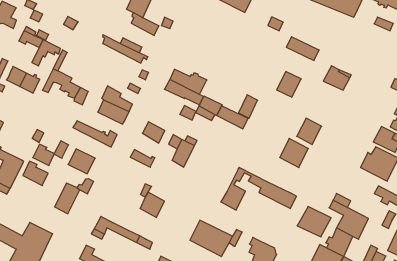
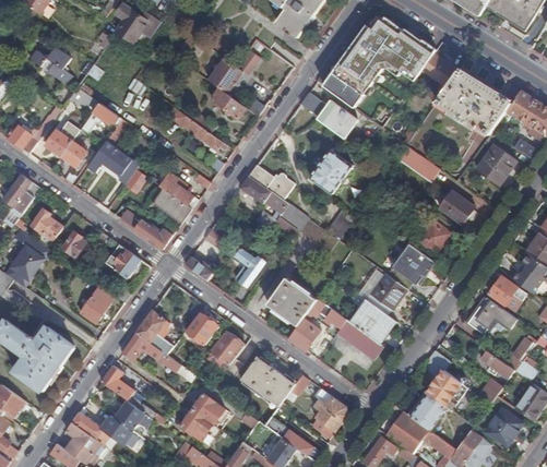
building: none -> [299,92,356,139]
building: none -> [476,144,515,184]
building: none -> [309,149,352,194]
building: [277,72,301,97] -> [417,220,450,253]
building: none -> [266,278,316,326]
building: [23,161,48,186] -> [31,208,62,241]
building: none -> [135,310,168,343]
building: none -> [207,331,242,370]
building: [297,206,331,237] -> [349,301,393,342]

